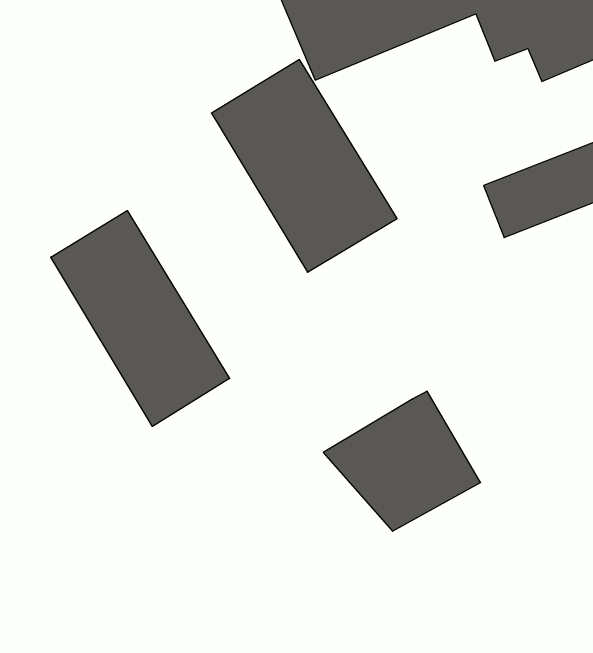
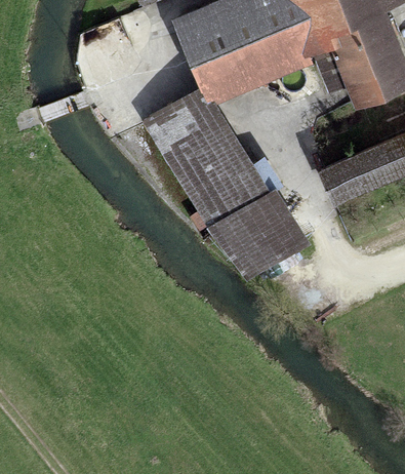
building: [51,211,230,426] -> none
building: [323,391,481,531] -> [205,185,308,276]

